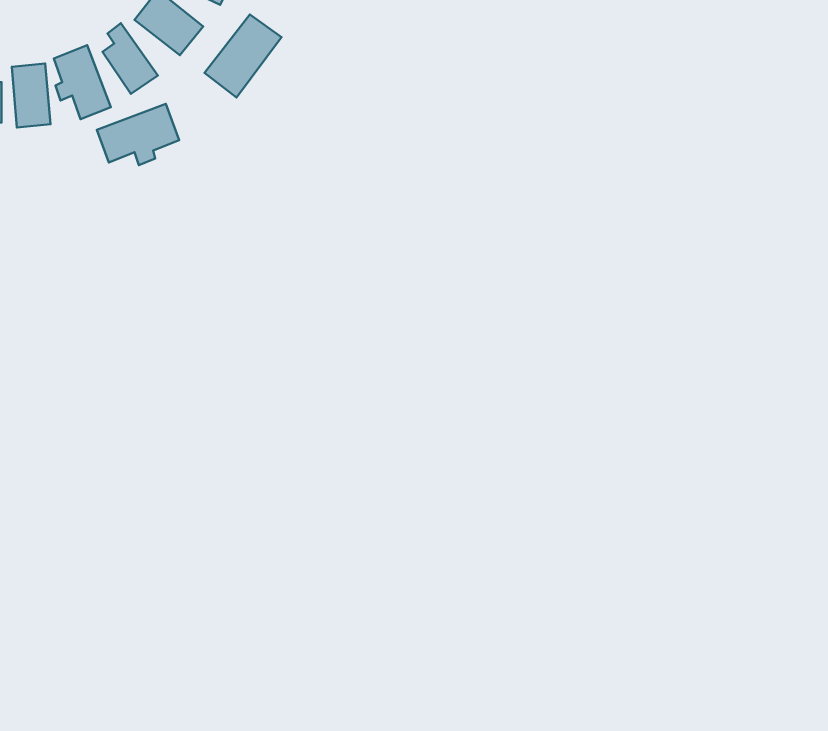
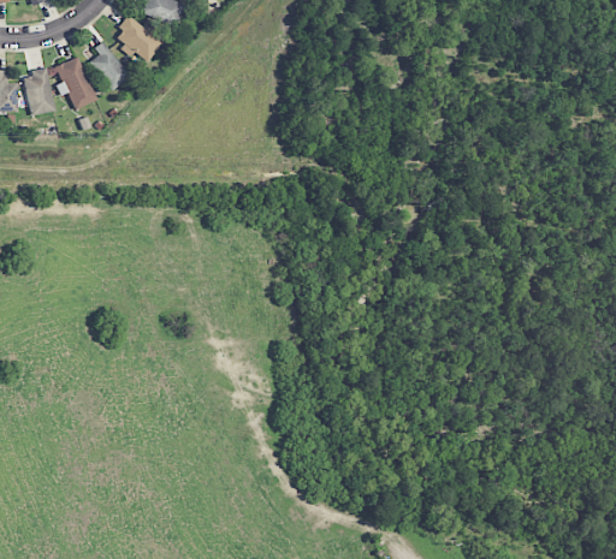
building: [205,14,282,98] -> none
building: [97,104,179,165] -> none

